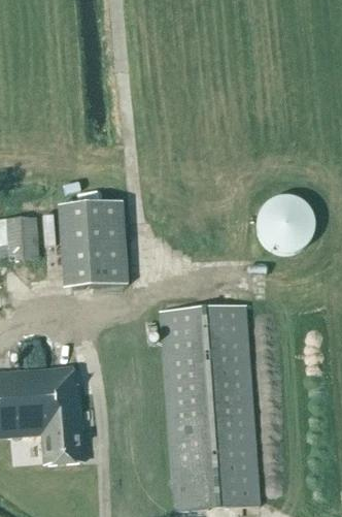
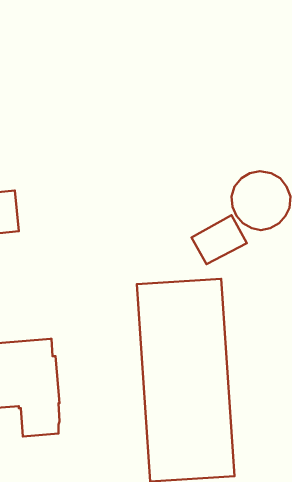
building: [58,200,128,287] -> none
building: none -> [192,215,247,264]

